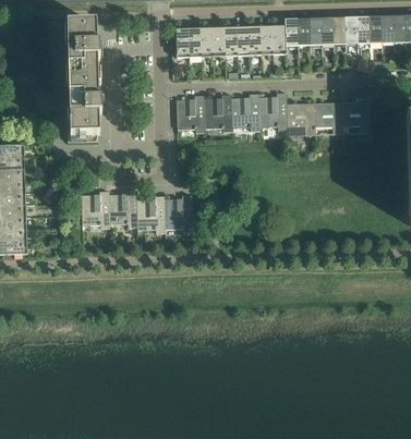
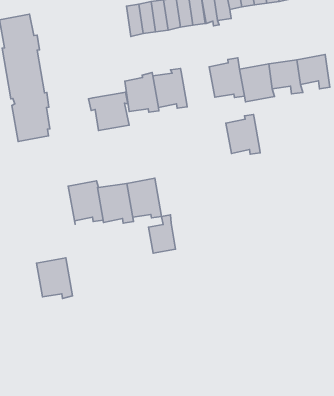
building: [171,28,189,62] -> none
building: [231,94,259,131] -> [226,115,260,154]
building: none -> [89,92,129,130]
building: [81,191,110,229] -> [37,258,73,298]
building: none -> [149,215,176,253]

